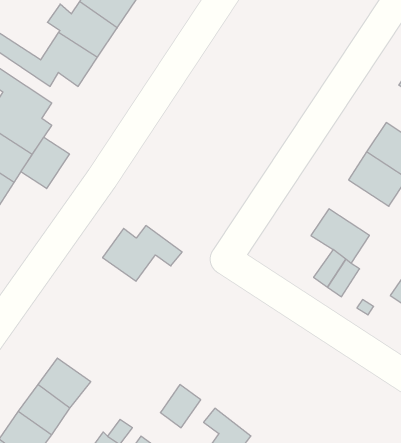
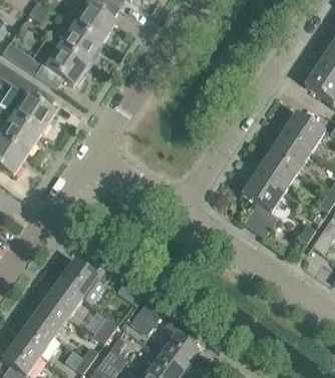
building: [21,137,69,189] -> none
building: none -> [254,153,297,194]
building: [103,226,182,281] -> [58,259,115,299]

